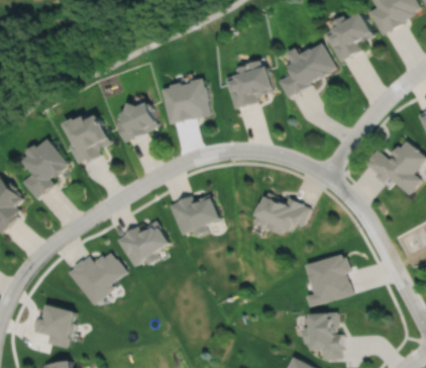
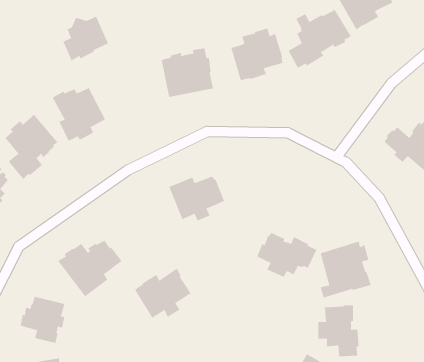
building: [116,100,158,142] -> [62,16,109,61]
building: [255,192,311,234] -> [256,232,317,277]
building: [116,219,169,266] -> [134,268,192,318]

